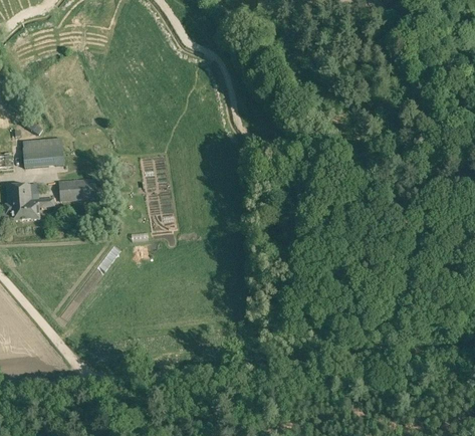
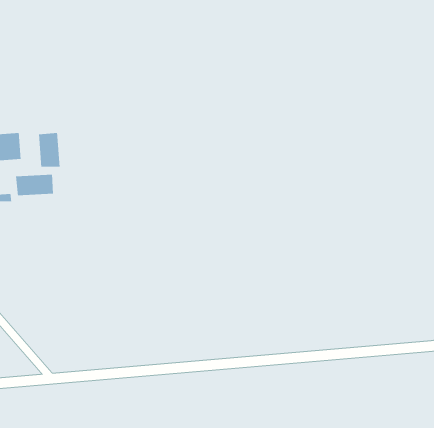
building: none -> [38,132,60,168]

